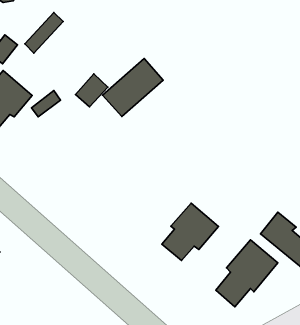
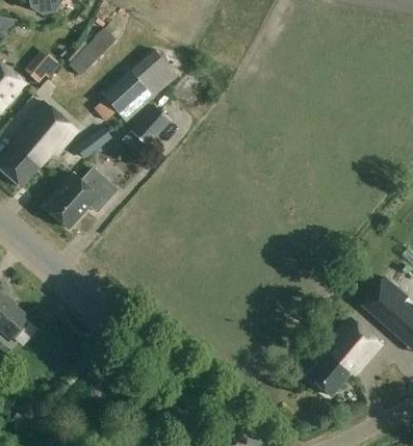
building: [103,59,163,117] -> [102,50,178,123]
building: none -> [45,167,118,228]
building: [162,203,218,260] -> none

